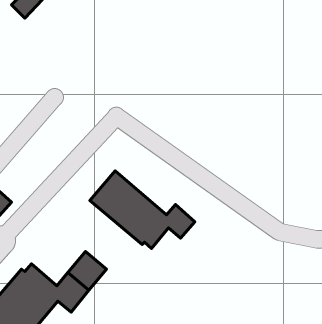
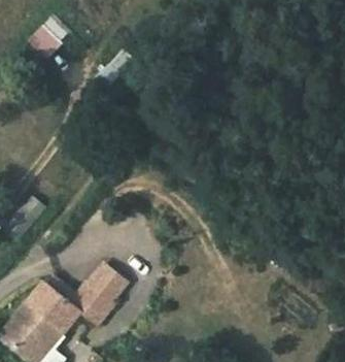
building: [90,171,195,248] -> none

